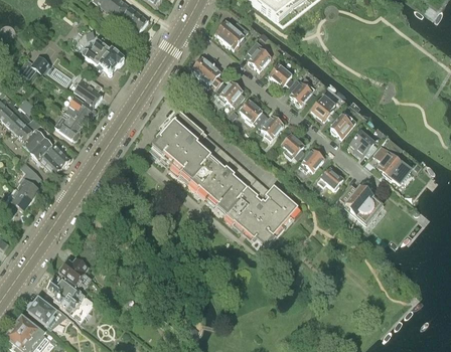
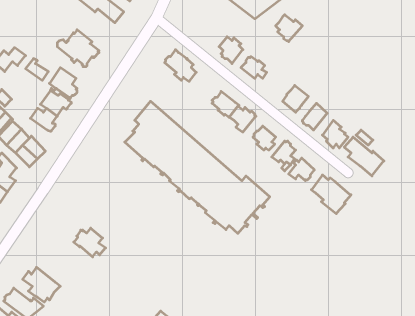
building: [213,20,248,48] -> none
building: [287,77,314,105] -> [276,15,302,42]
building: [217,80,244,106] -> none
building: [58,258,91,288] -> [74,228,106,257]

